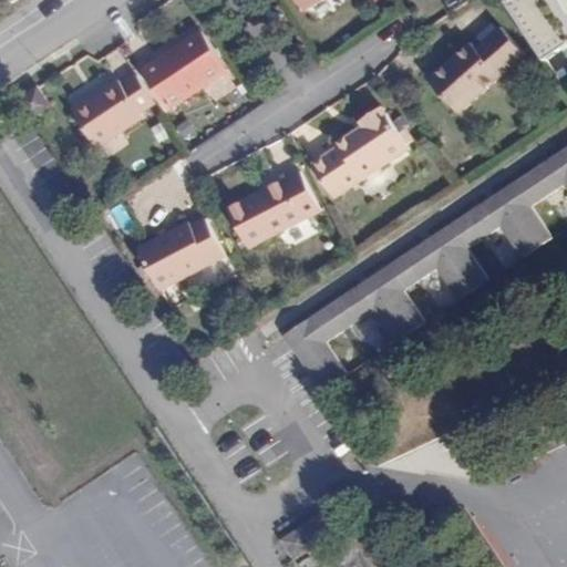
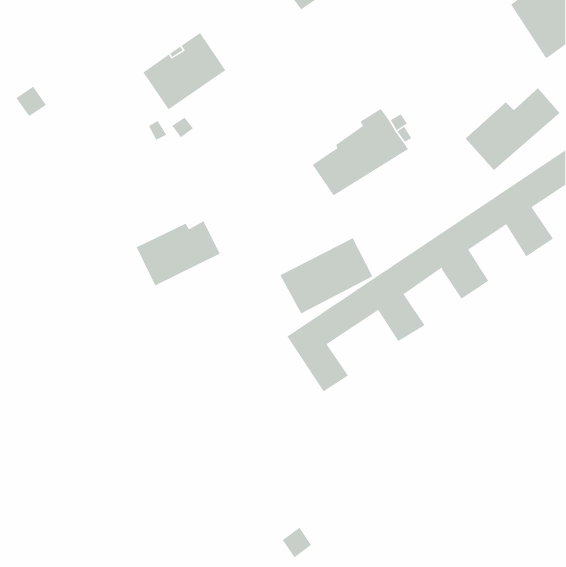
building: [427,30,523,113] -> [465,87,561,171]
building: [71,78,152,147] -> none
building: [225,171,318,247] -> [280,237,373,314]

